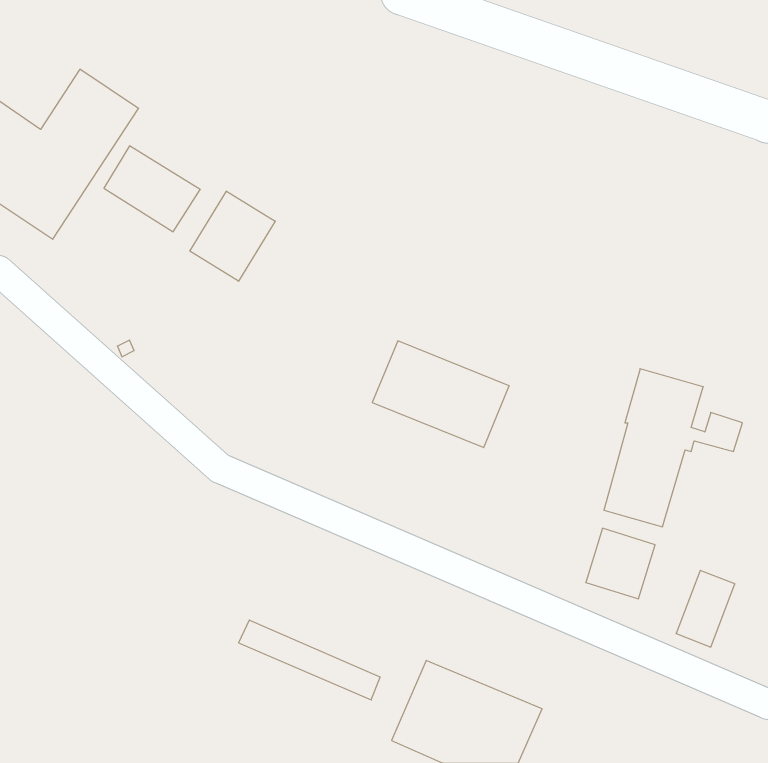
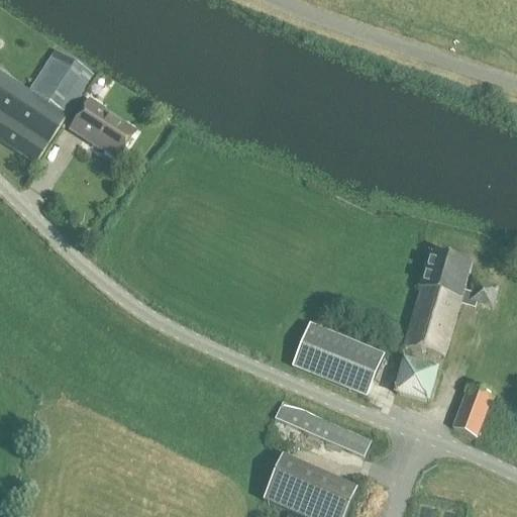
building: [190,191,275,281] -> none
building: [372,341,509,448] -> [292,324,384,396]
building: [239,620,380,700] -> [275,401,370,454]

